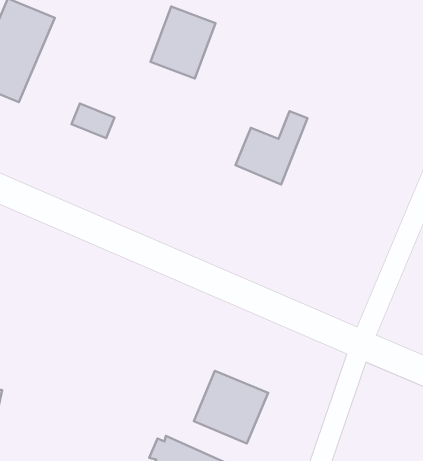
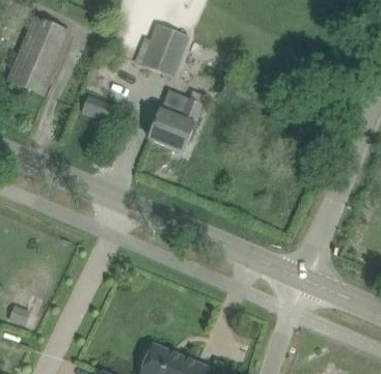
building: [236,111,308,185] -> [147,97,201,152]
building: [194,371,268,443] -> none

